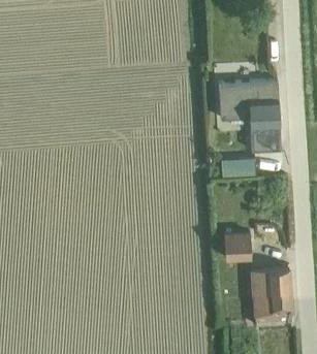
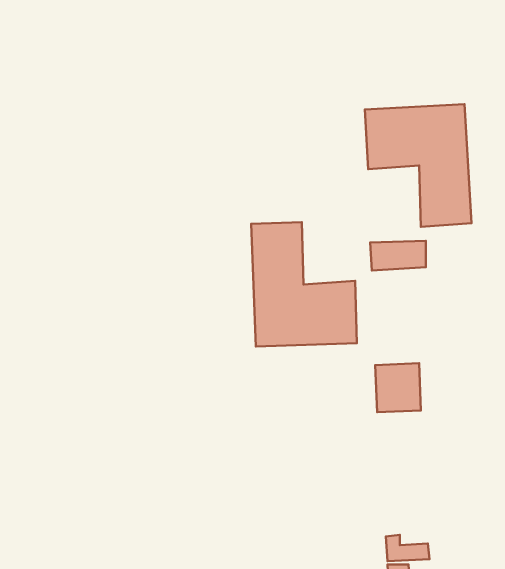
building: none -> [251,222,357,346]
building: [250,266,292,328] -> none

